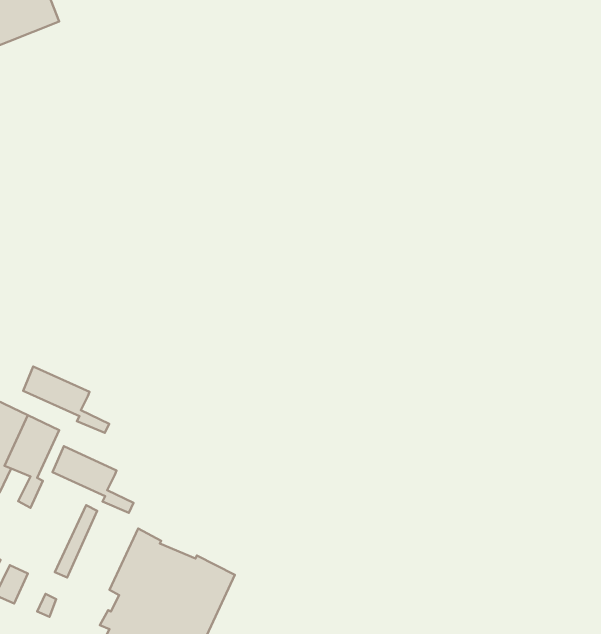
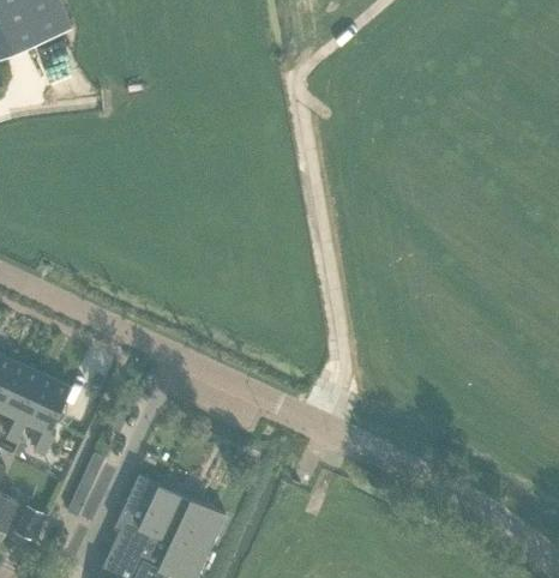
building: [23,367,109,433] -> none
building: [53,446,134,513] -> none

